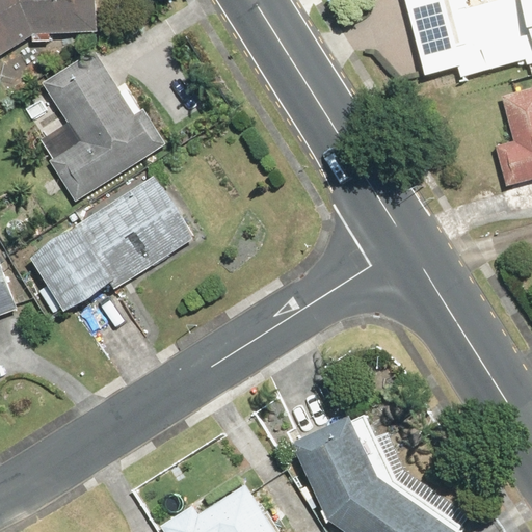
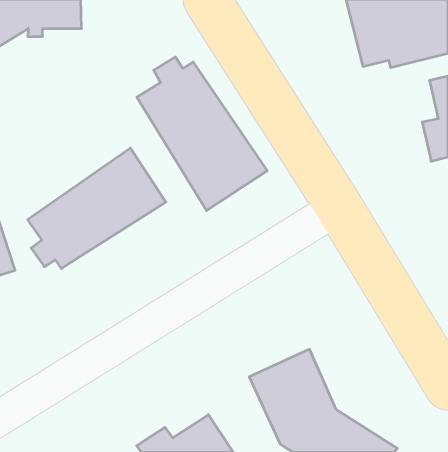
building: [38,52,166,204] -> none
building: none -> [137,57,267,211]

